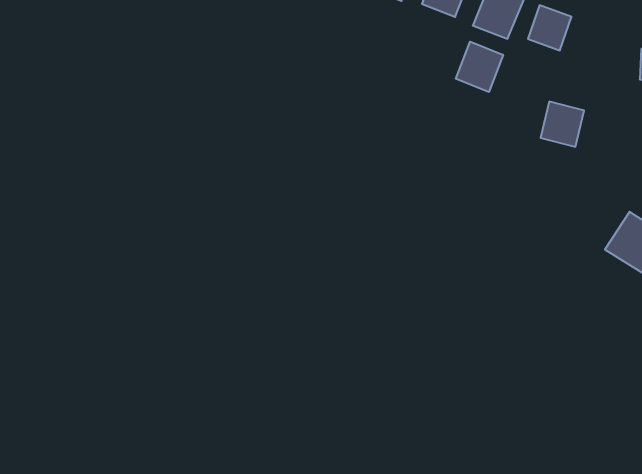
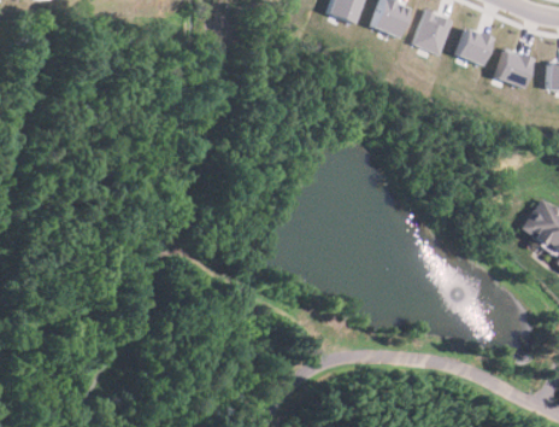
building: [456,42,503,92] -> none
building: [541,102,584,147] -> [498,51,534,88]

